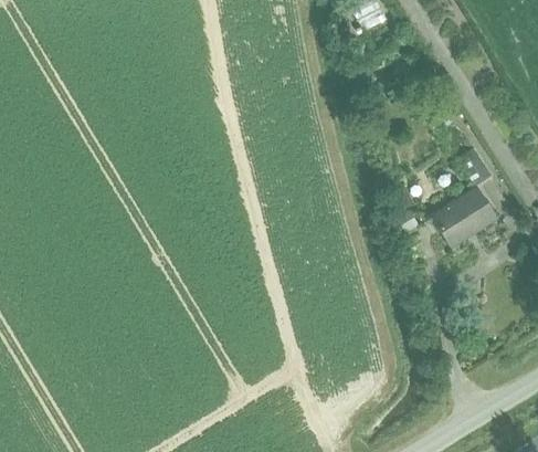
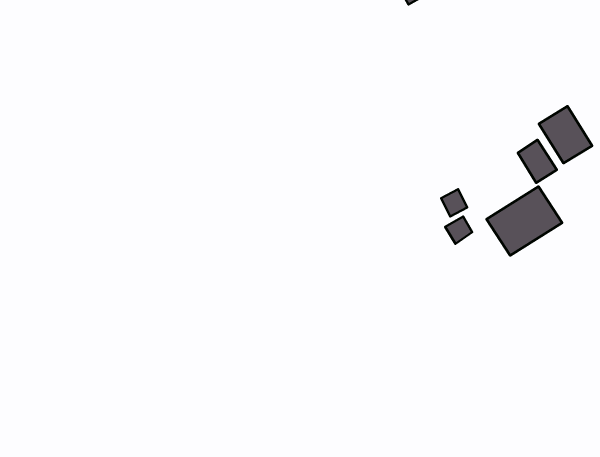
building: none -> [539,106,592,163]

